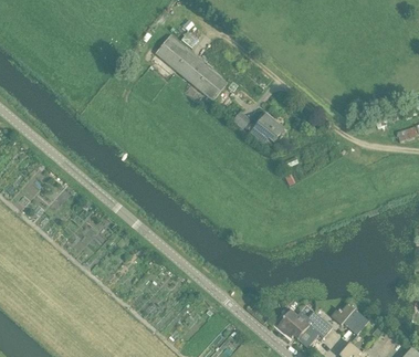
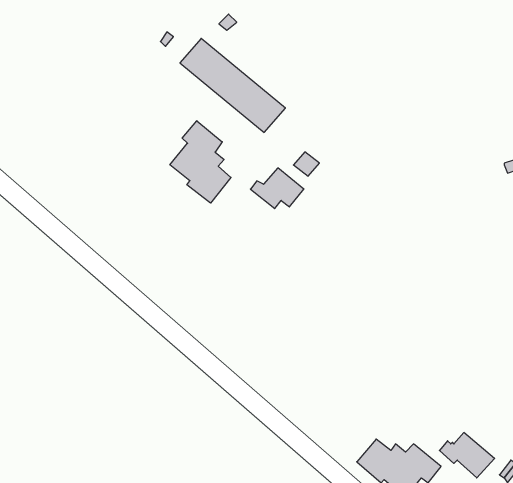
building: none -> [170,121,231,203]
building: [247,114,283,141] -> [250,168,304,209]

